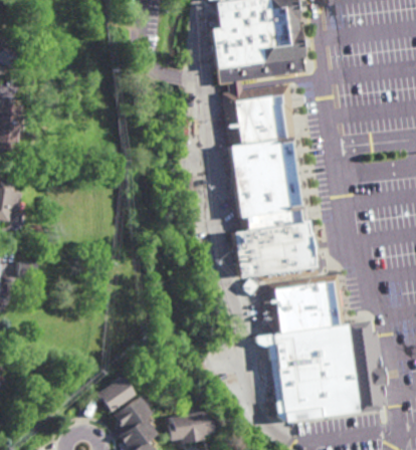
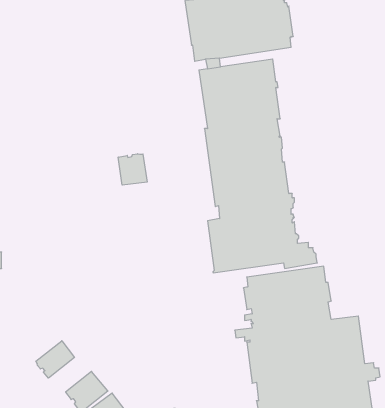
building: none -> [118,154,147,185]
building: none -> [36,341,74,378]

